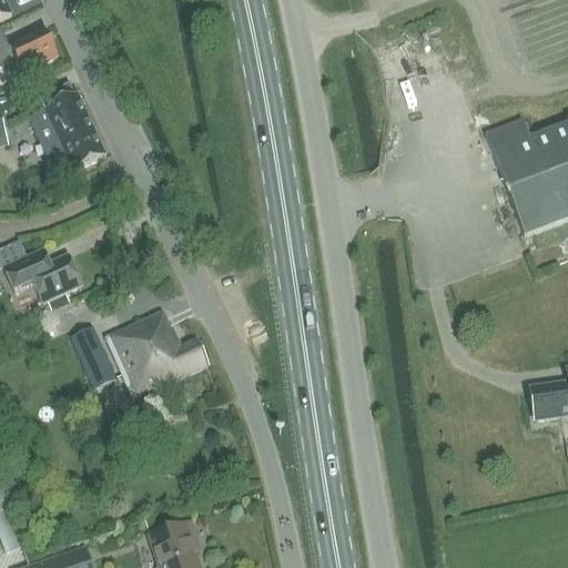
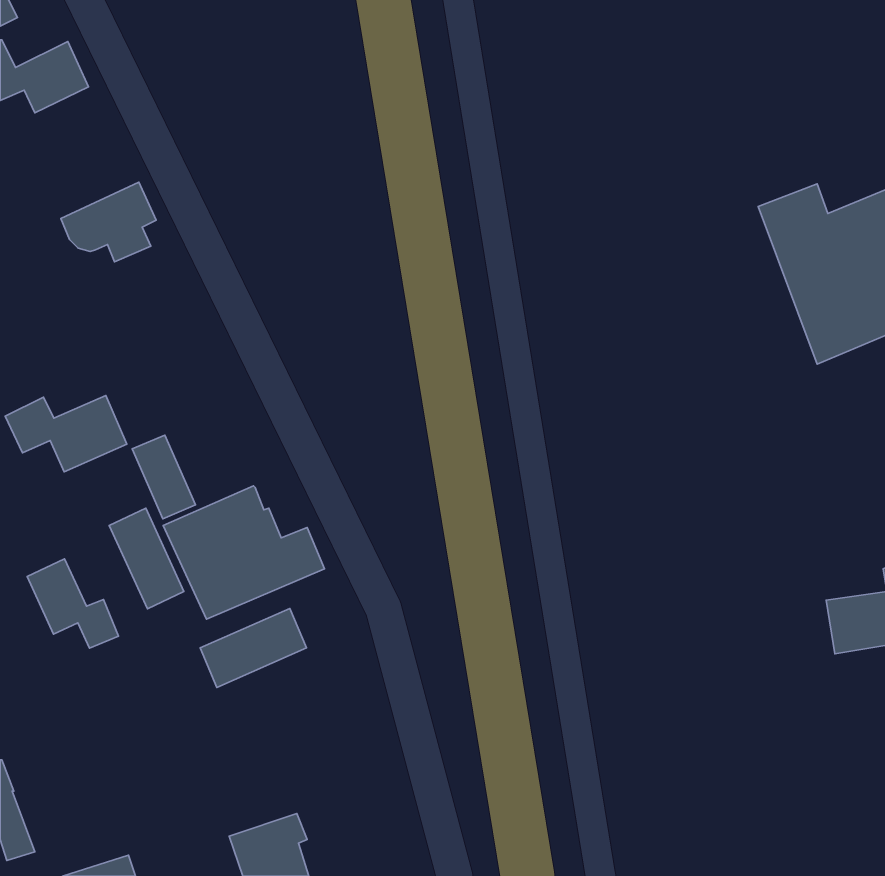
building: [30,84,90,140] -> none
building: none -> [132,435,196,519]
building: none -> [27,559,119,648]
building: none -> [200,608,307,688]

